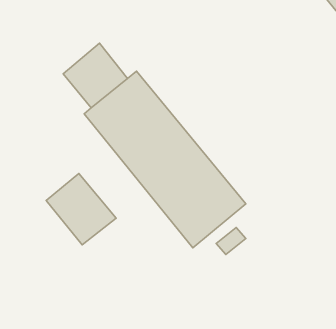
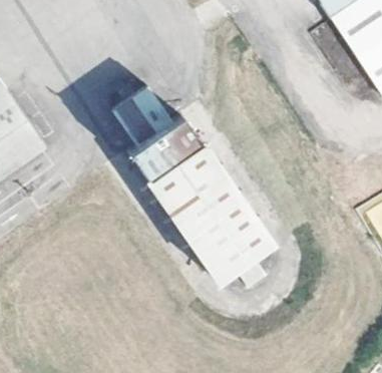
building: [46,173,116,245] -> none

